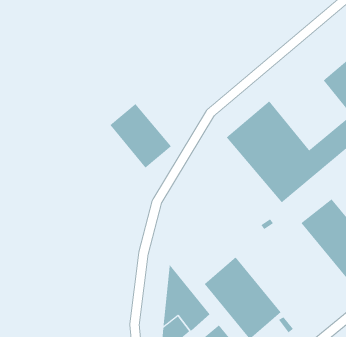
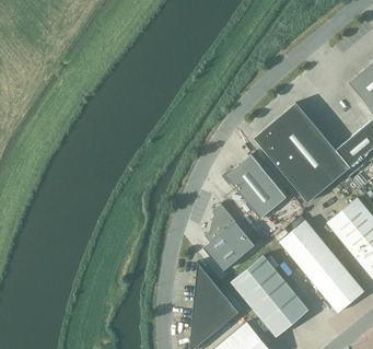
building: [109,103,172,169] -> [225,154,287,219]
building: none -> [203,203,255,271]
building: none -> [280,220,364,313]

